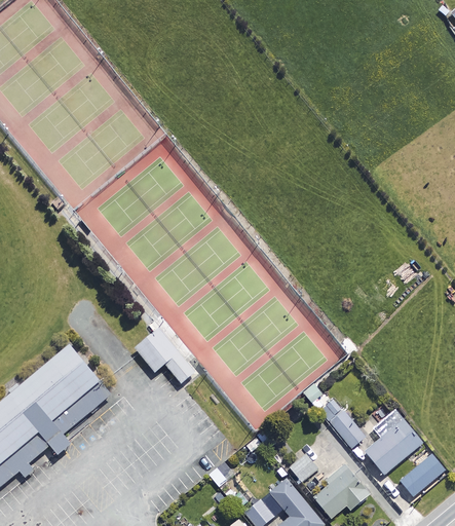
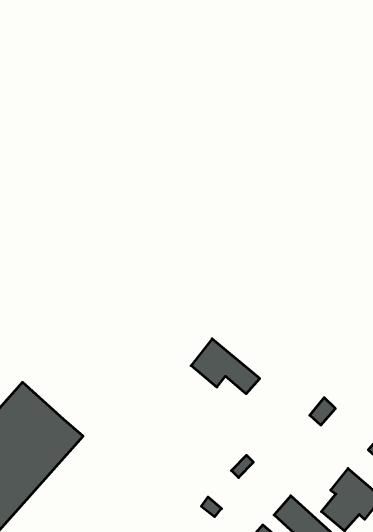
building: [136,329,194,382] -> [191,339,260,394]
building: [329,409,366,448] -> none
building: [289,454,316,482] -> none

